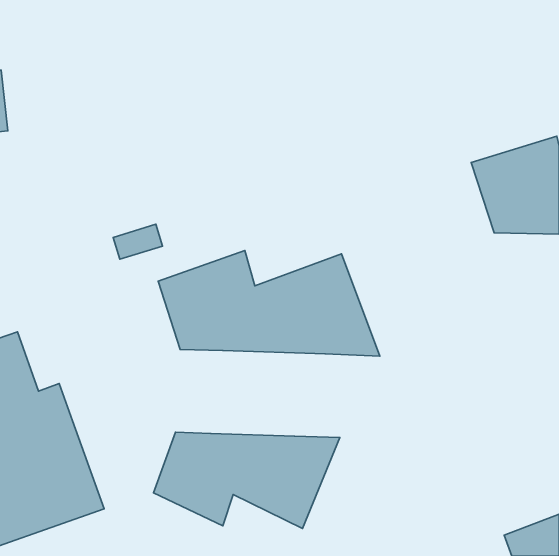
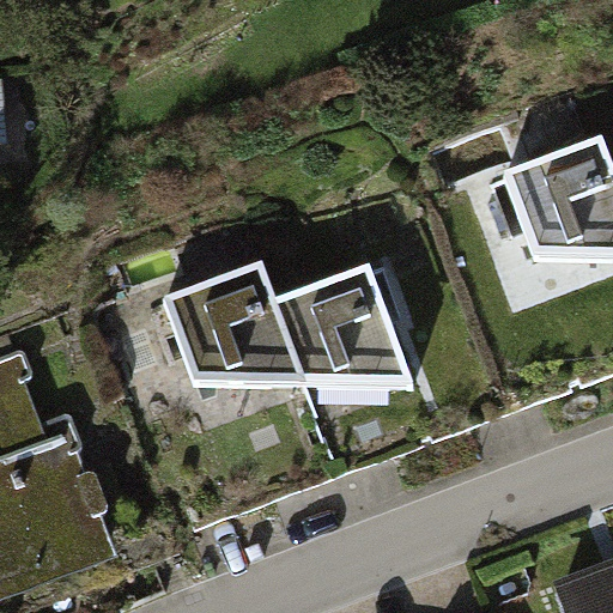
building: [154,432,340,528] -> none

